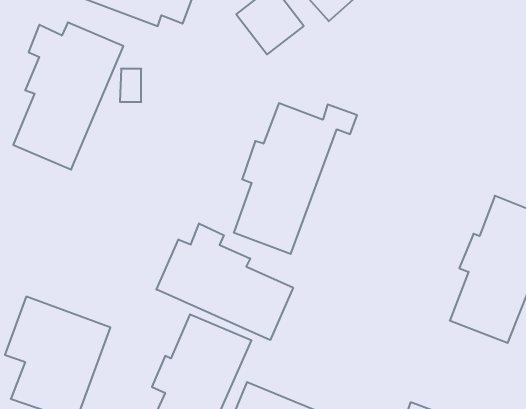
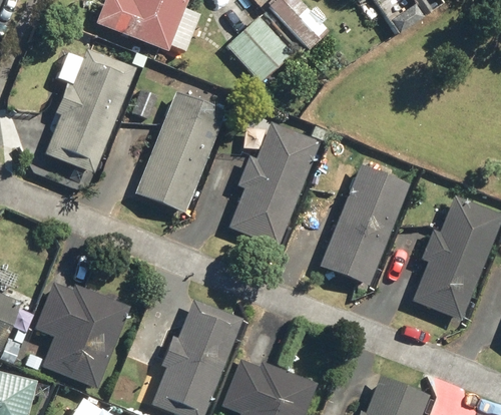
building: none -> [134,92,228,219]
building: none -> [323,156,413,288]
building: [156,223,293,340] -> none

